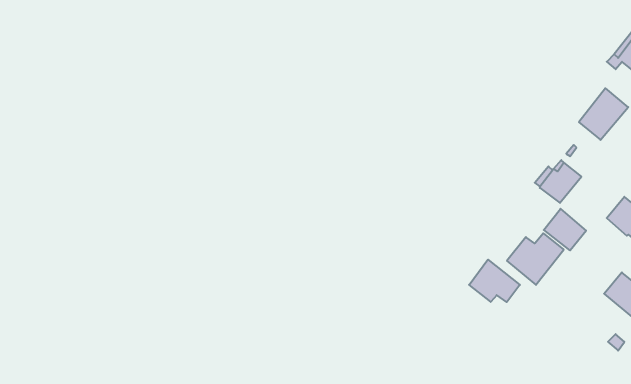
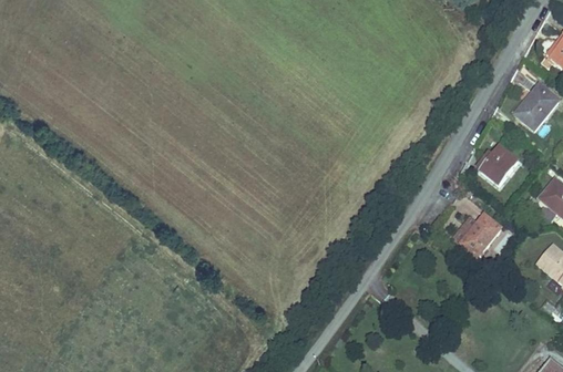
building: [544,209,586,250] -> none
building: [469,260,520,302] -> none

